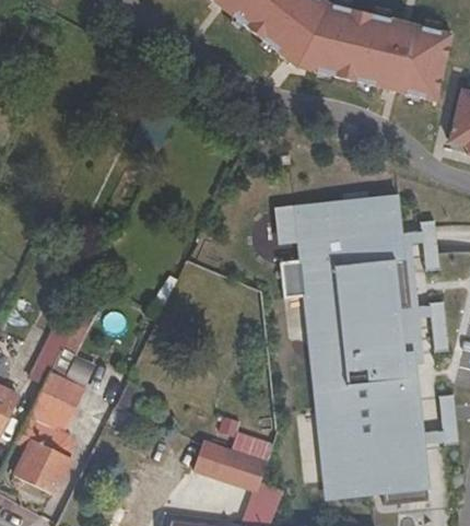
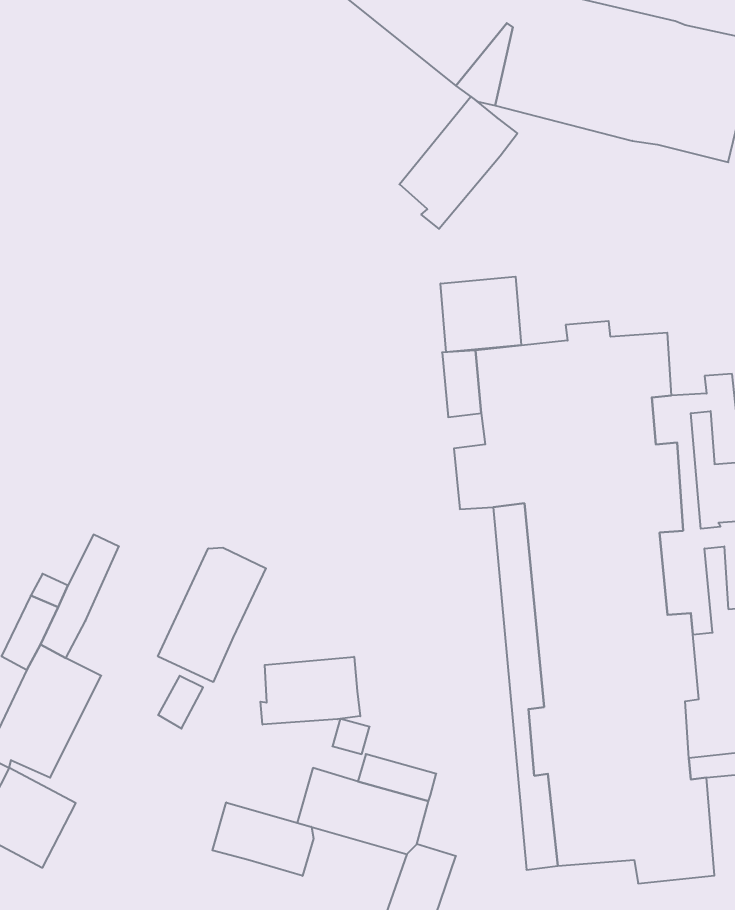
building: none -> [399,97,517,229]
building: none -> [441,277,521,352]
building: none -> [158,548,266,682]
building: none -> [260,657,360,725]
building: none -> [212,802,314,876]

